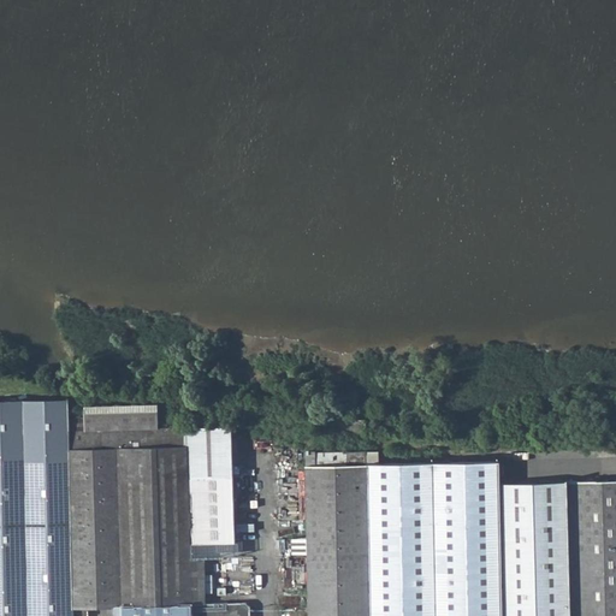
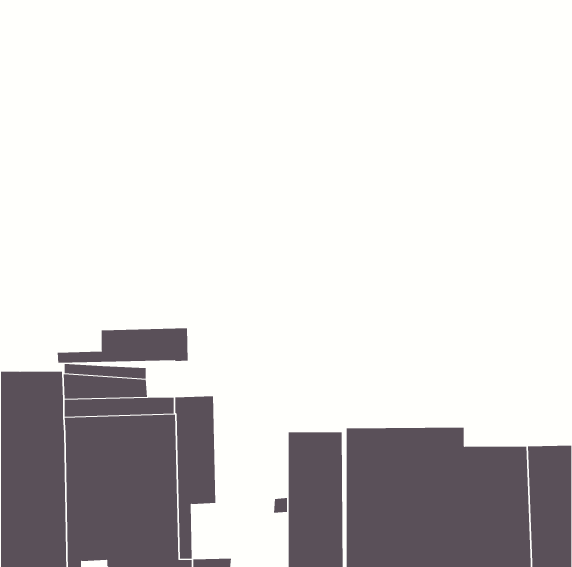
building: none -> [57,327,188,364]

